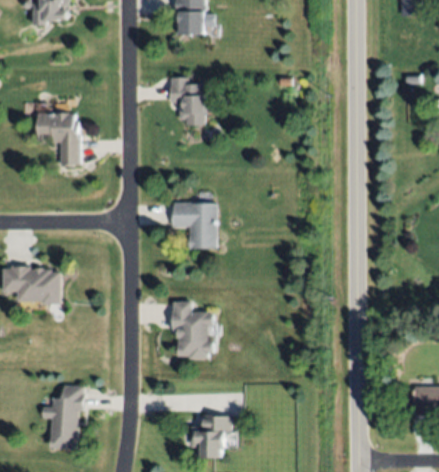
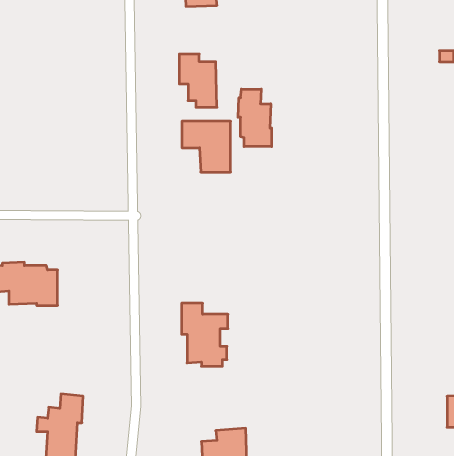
building: none -> [238,89,272,147]
building: [37,112,81,166] -> none
building: [173,203,217,249] -> [182,121,231,172]

